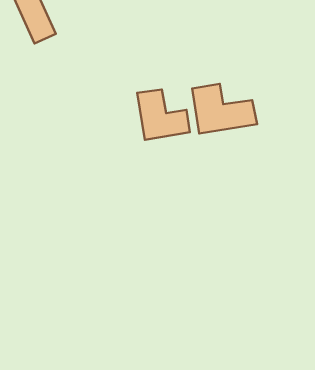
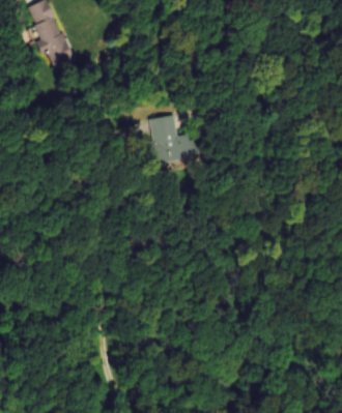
building: [192,84,257,134] -> none

